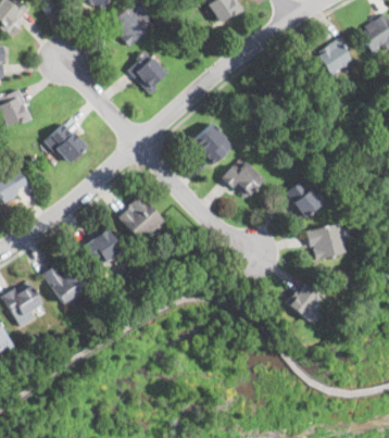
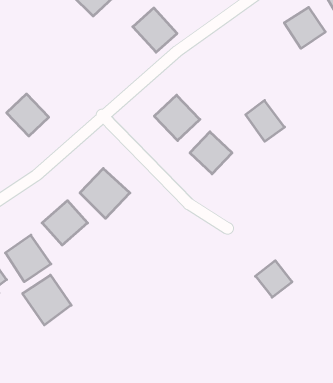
building: [127,50,171,93] -> [133,8,177,52]
building: [285,179,323,220] -> [246,100,285,141]
building: [308,222,349,260] -> none
building: none -> [23,275,71,325]

